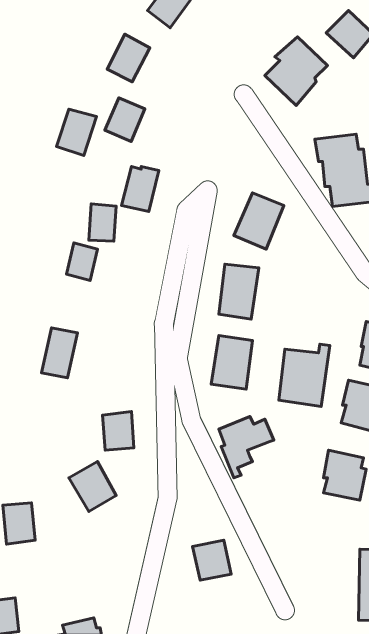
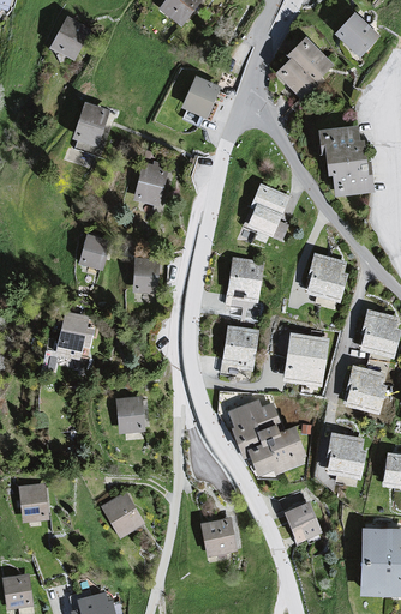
building: [107,34,150,82] -> [50,16,91,61]
building: [105,98,145,141] -> [182,76,221,118]
building: [89,204,116,241] -> [133,257,160,293]
building: none -> [305,253,348,303]
building: none -> [245,425,306,478]
building: [69,462,116,512] -> [102,492,148,540]
building: none -> [285,502,324,544]

